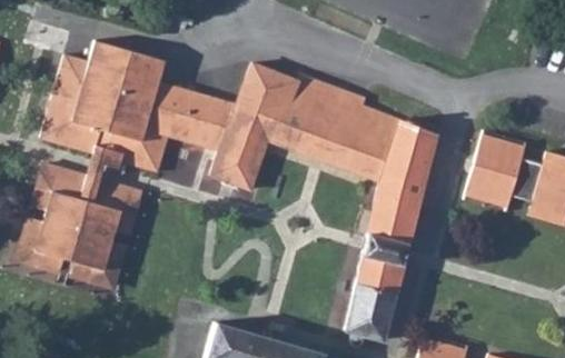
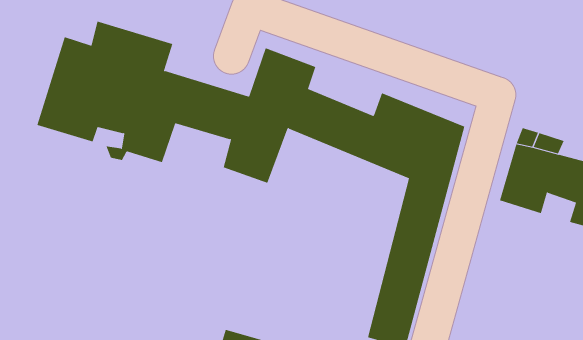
building: [291,73,363,127] -> none
building: [14,163,139,286] -> none

